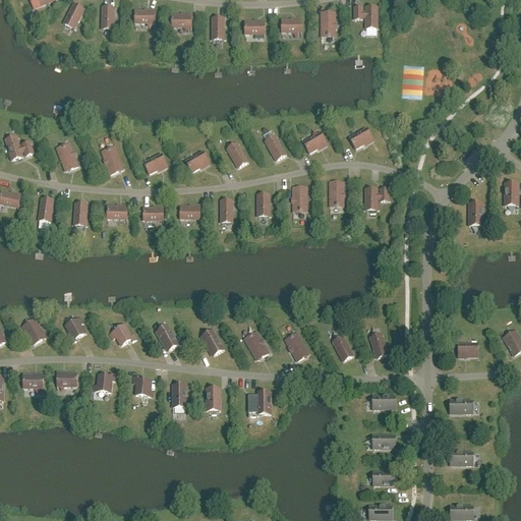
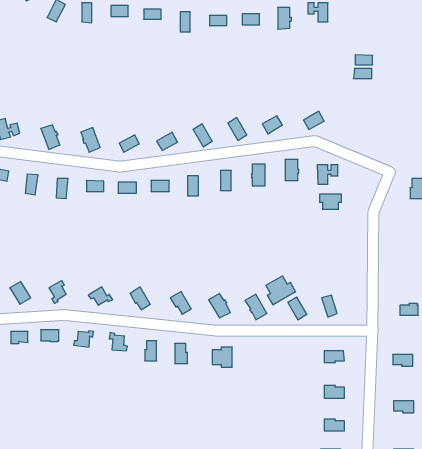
building: none -> [320,194,341,210]
building: none -> [266,276,296,305]

